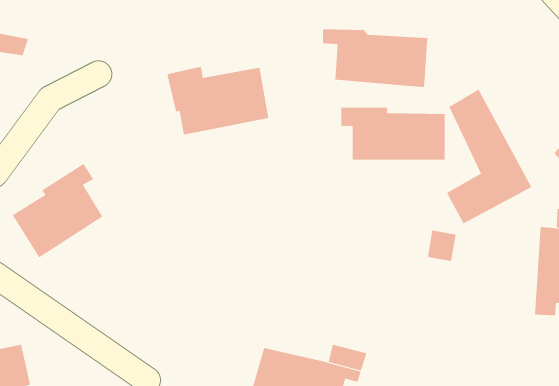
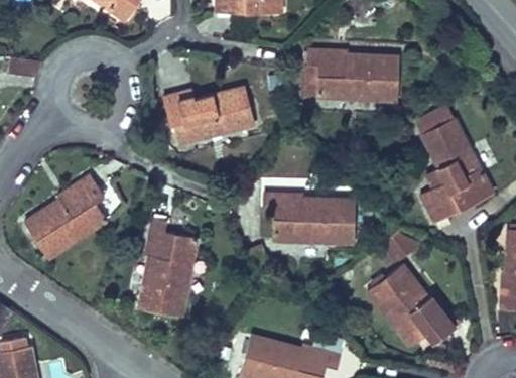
building: [341,107,445,160] -> [258,195,352,242]
building: none -> [140,218,198,318]
building: none -> [364,262,449,346]

